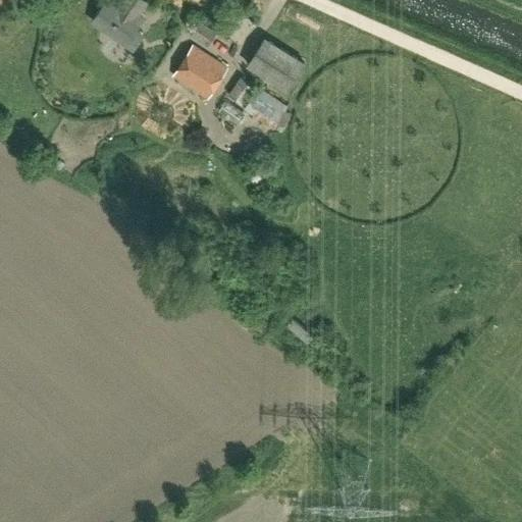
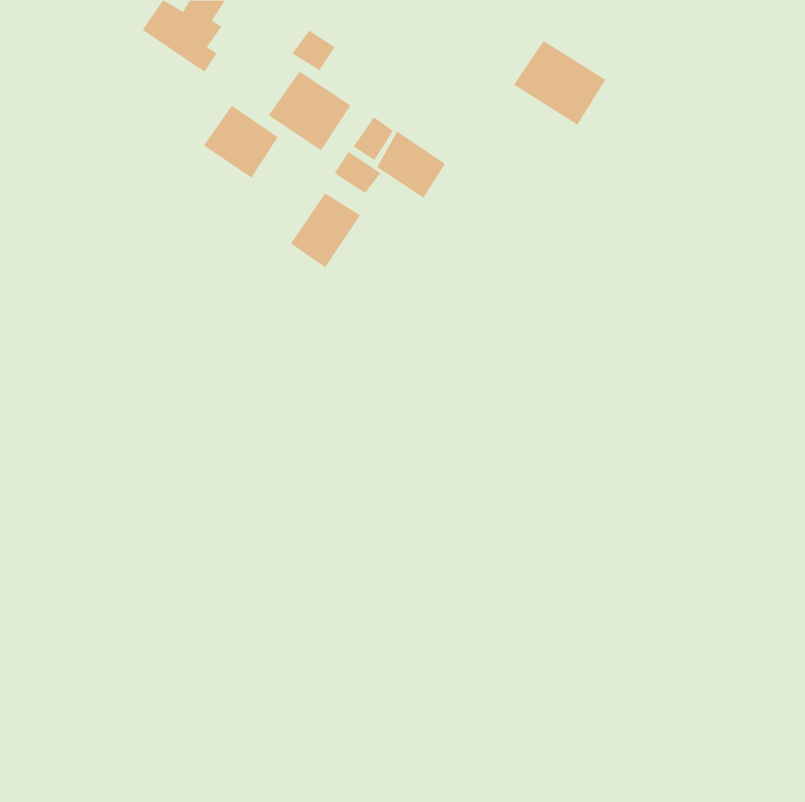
building: [246,38,306,93] -> [513,40,606,125]
building: none -> [203,105,278,179]
building: none -> [290,192,361,268]

